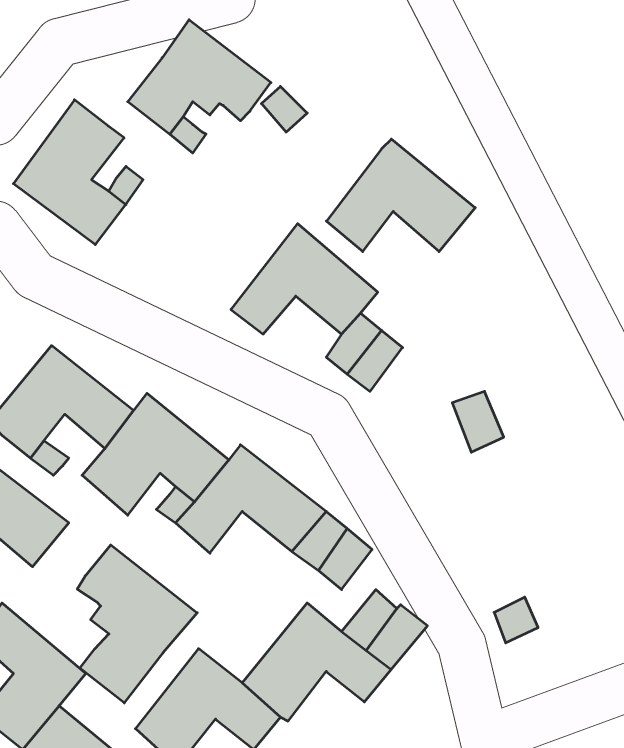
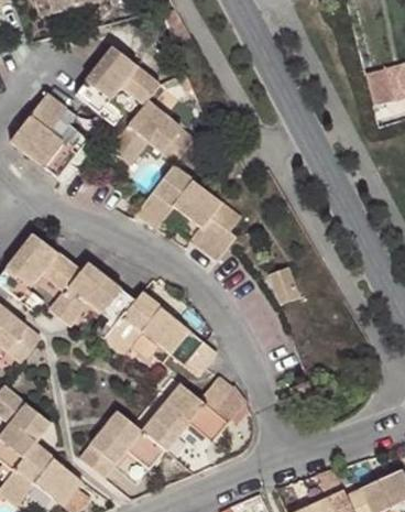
building: [326,139,475,252] -> [109,99,195,164]
building: [77,545,197,703] -> none

